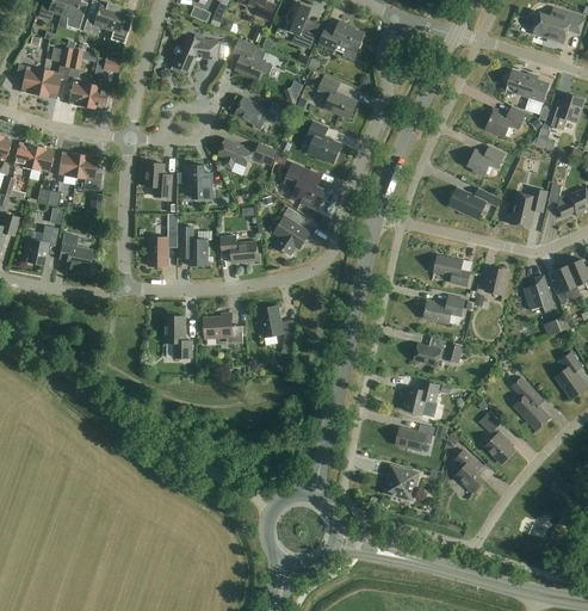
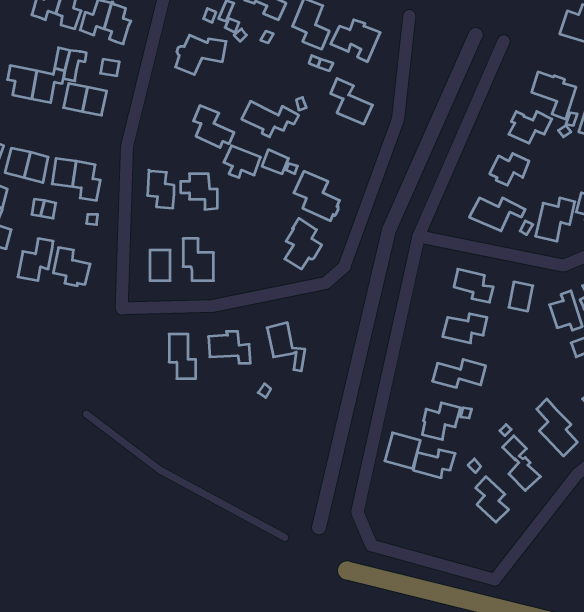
building: [233,39,271,79] -> [193,106,234,148]
building: [307,121,341,163] -> none
building: [219,235,258,261] -> none
building: [384,465,417,499] -> [385,433,420,468]

